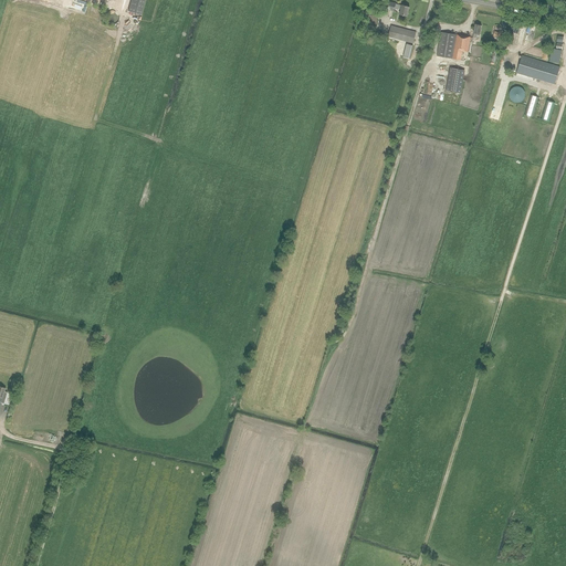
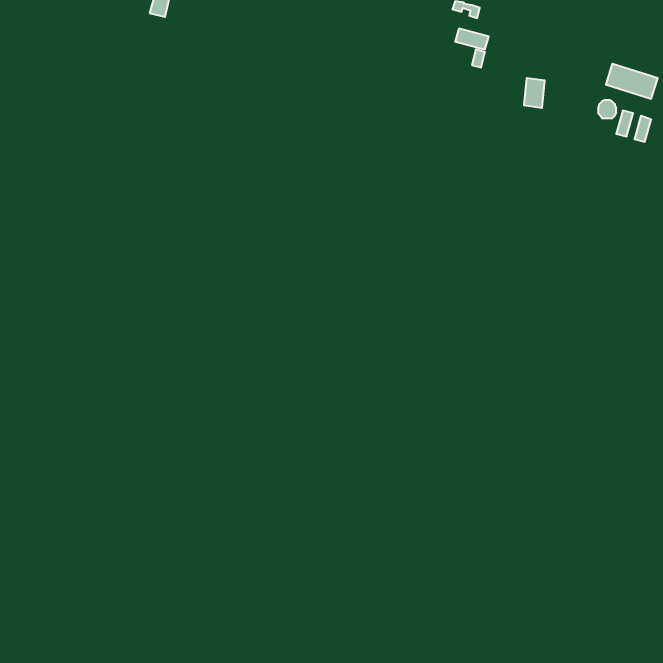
building: [436,31,469,60] -> none

